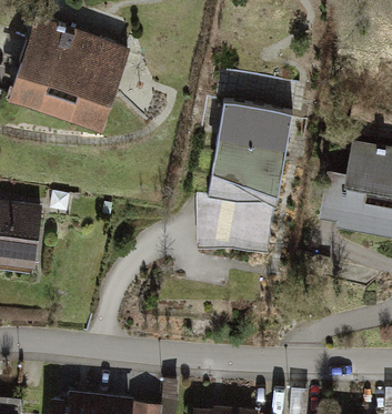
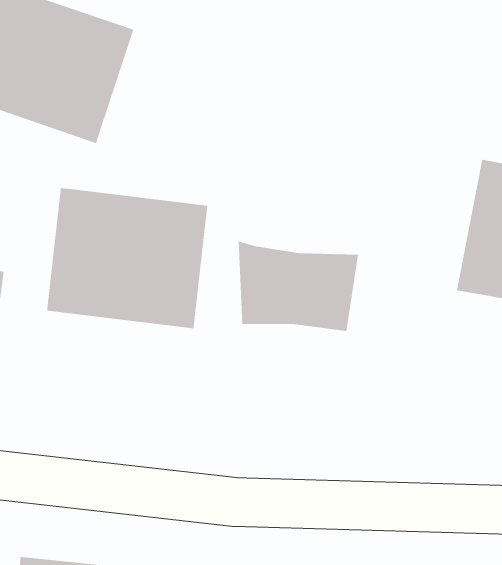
building: [207,98,291,202] -> none
building: none -> [47,187,208,329]

